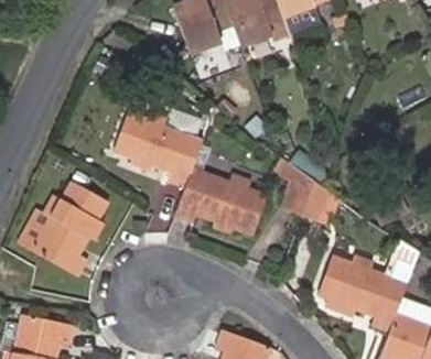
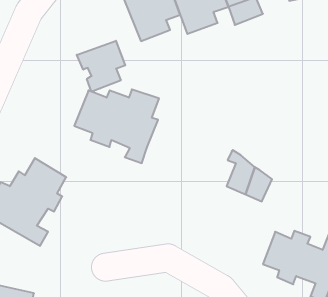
building: none -> [77,41,125,92]
building: [177,167,270,235] -> none

